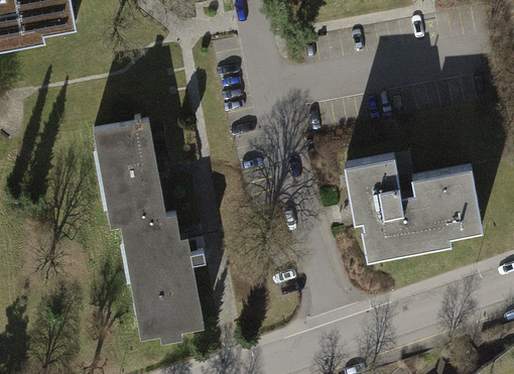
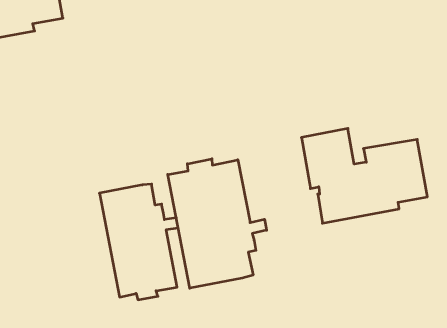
building: [92,118,166,225] -> none
building: none -> [168,159,267,288]

